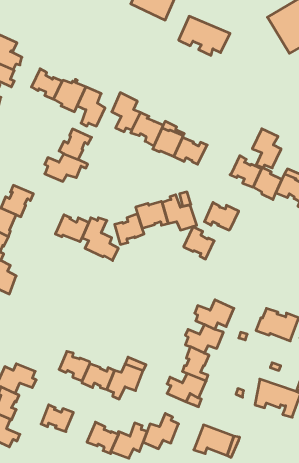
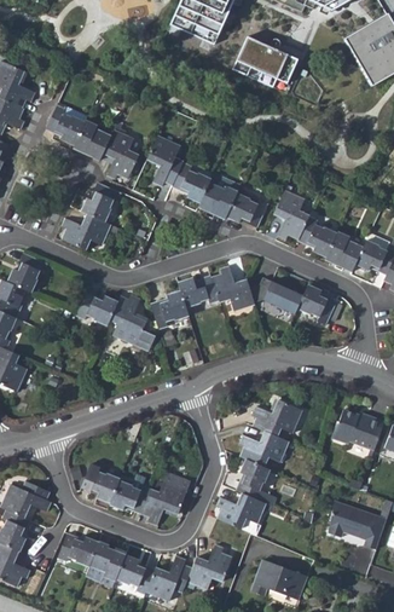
building: [252,129,281,168] -> [272,189,308,238]
building: [184,227,214,259] -> [296,283,335,324]
building: none -> [88,539,127,579]

